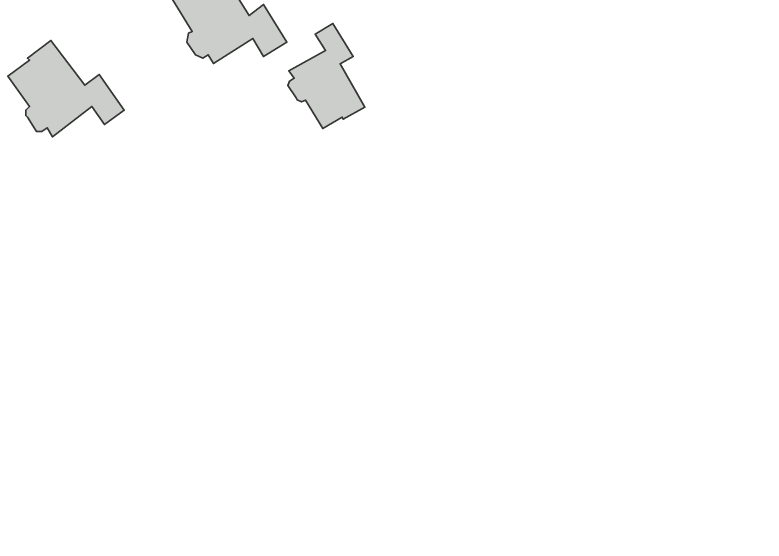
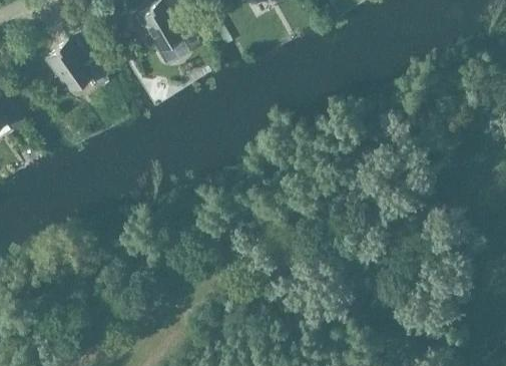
building: [288,24,365,128] -> none

